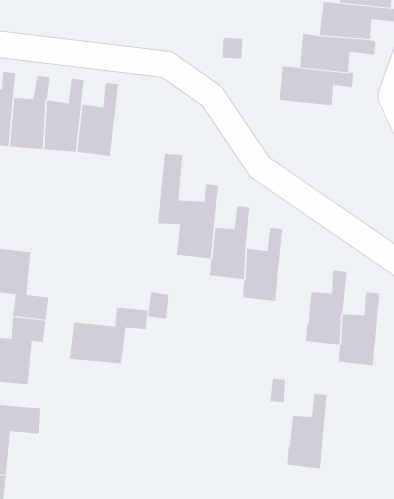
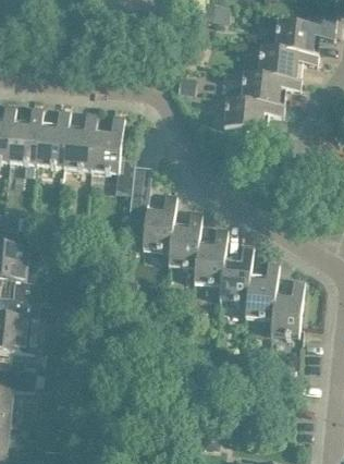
building: none -> [91,113,125,172]
building: [69,307,148,364] -> none
building: [287,394,328,469] -> [221,243,254,303]

